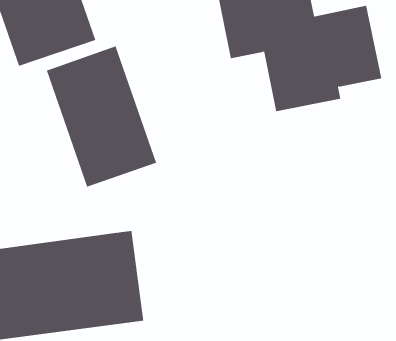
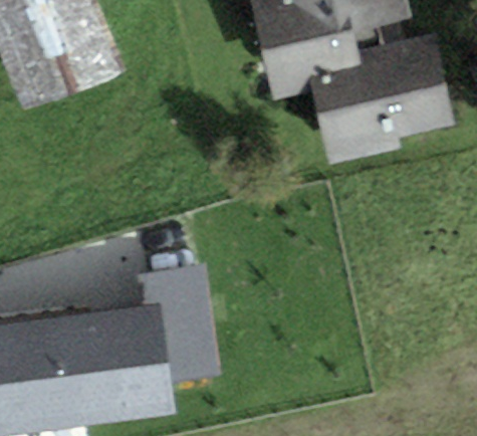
building: [46,45,157,187] -> none
building: none -> [140,266,220,380]

